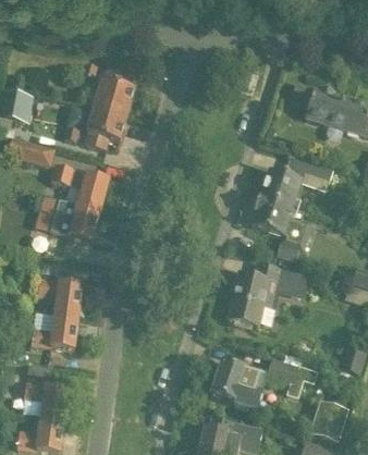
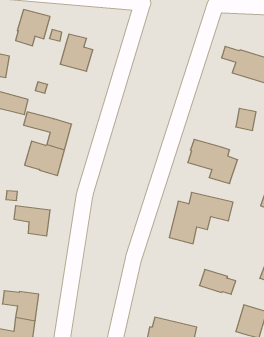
building: [84,104,126,149] -> [16,10,50,46]
building: [258,169,300,207] -> none
building: [30,312,77,348] -> none
building: [210,361,262,410] -> none

